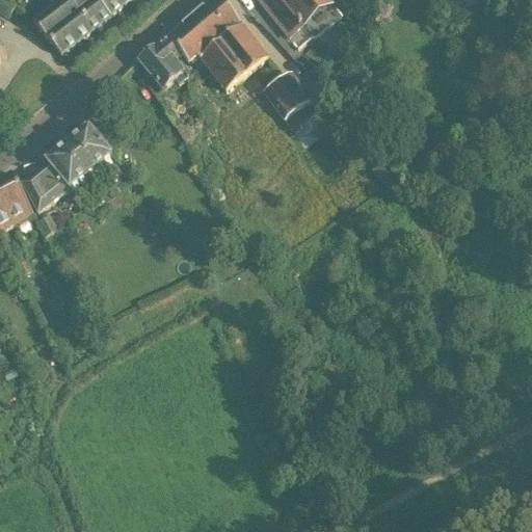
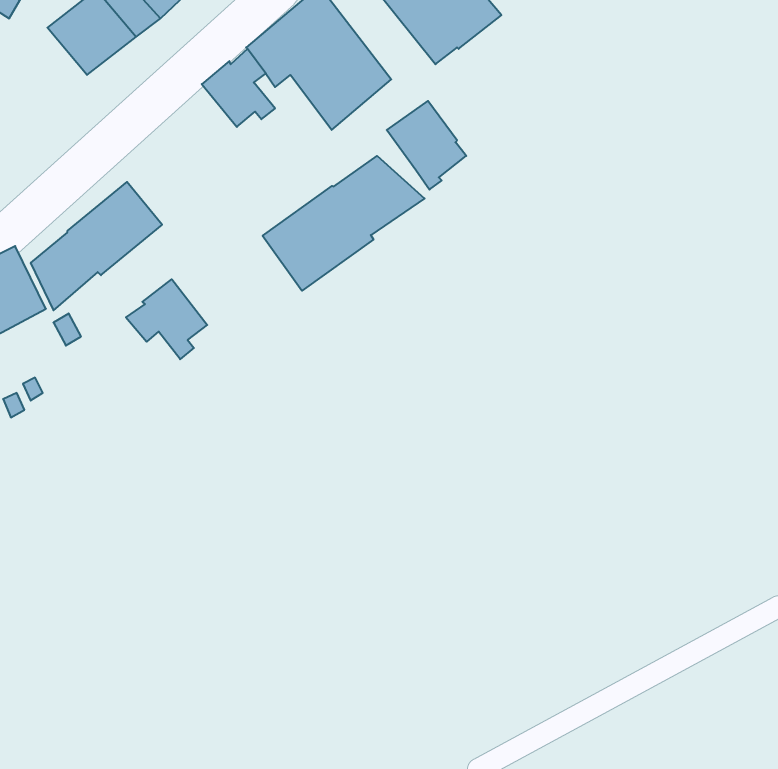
building: none -> [263,156,425,291]
building: none -> [126,279,207,359]

